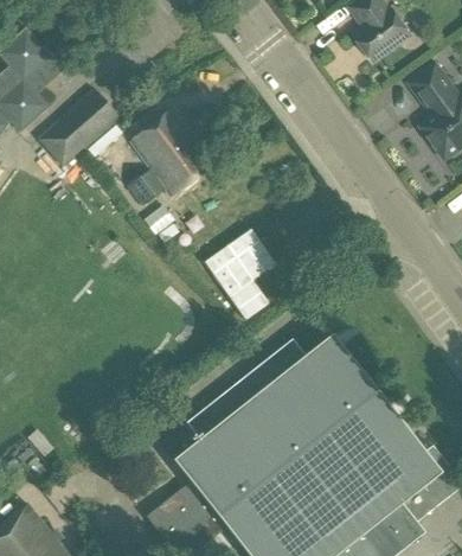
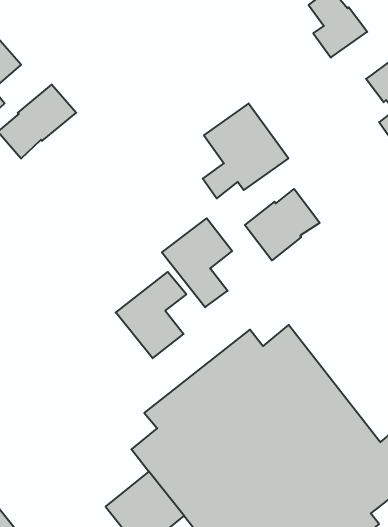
building: [128,109,214,205] -> [203,103,288,198]
building: none -> [245,189,320,260]
building: none -> [116,272,186,358]

